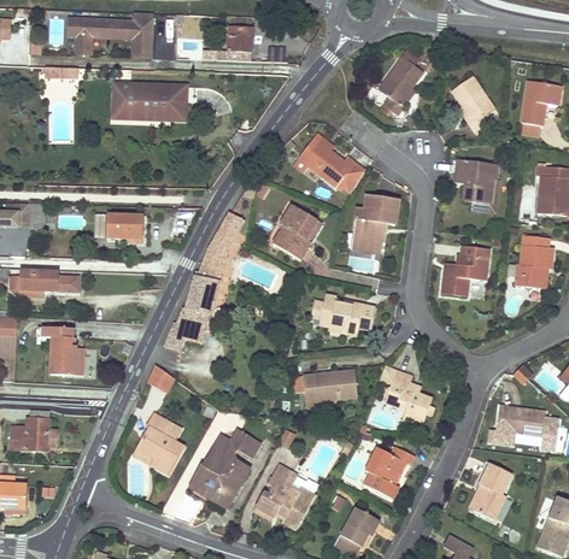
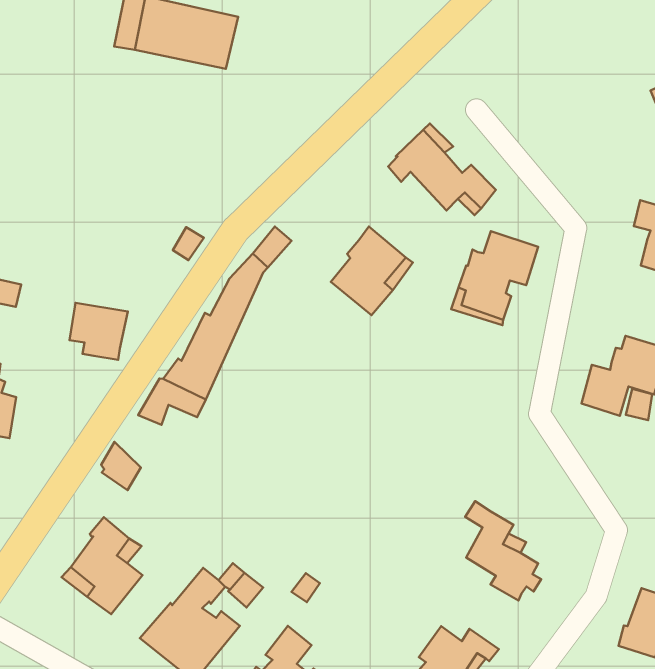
building: [377,55,423,117] -> none
building: [107,213,141,245] -> [69,303,128,360]
building: [311,294,375,334] -> none
building: [292,369,357,408] -> none

